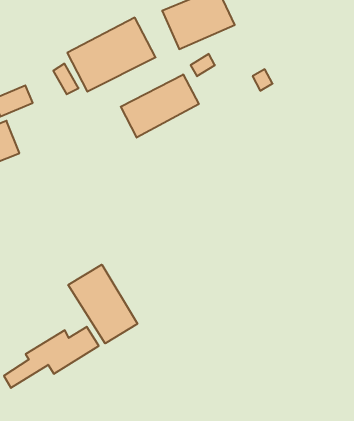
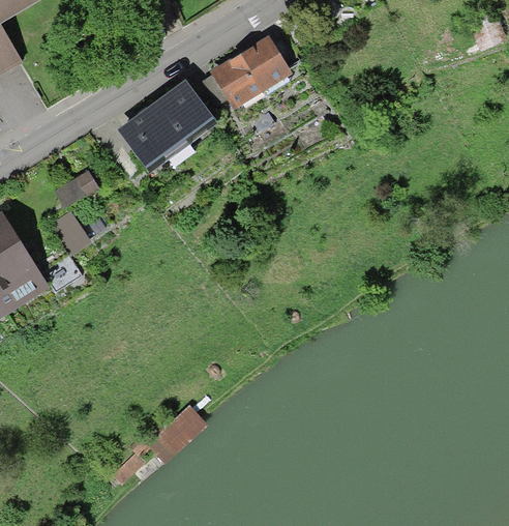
building: [121,74,199,138] -> none
building: [68,265,137,343] -> none

